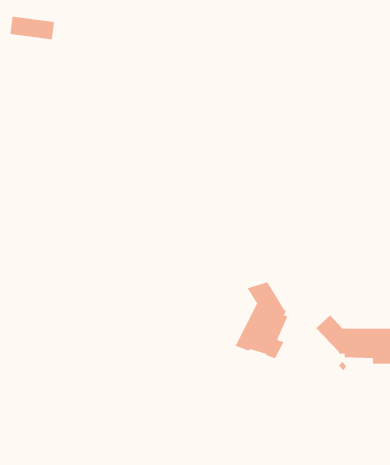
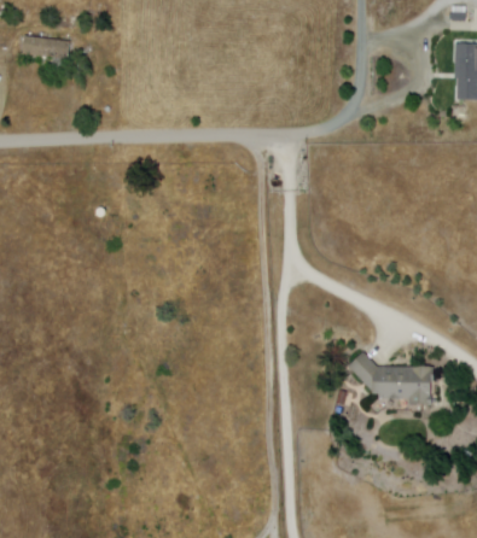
building: [235,282,288,359] -> none

